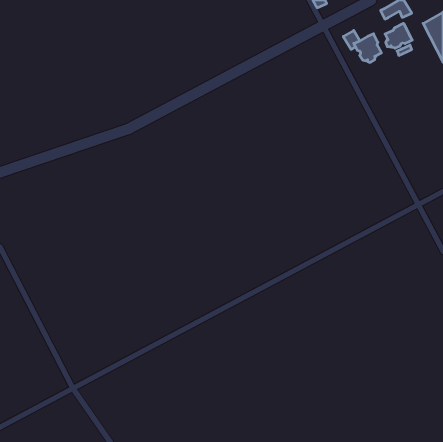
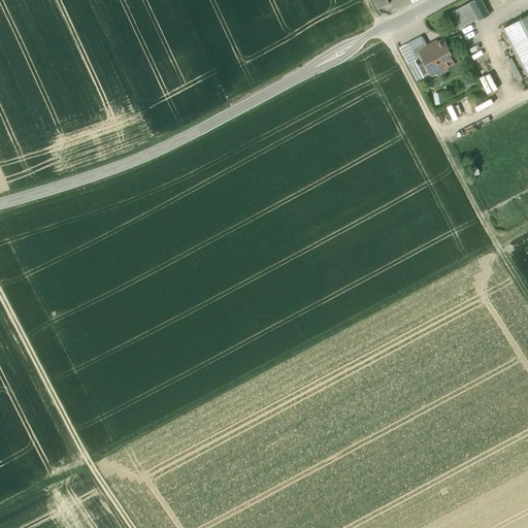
building: [385,23,412,48] -> none

